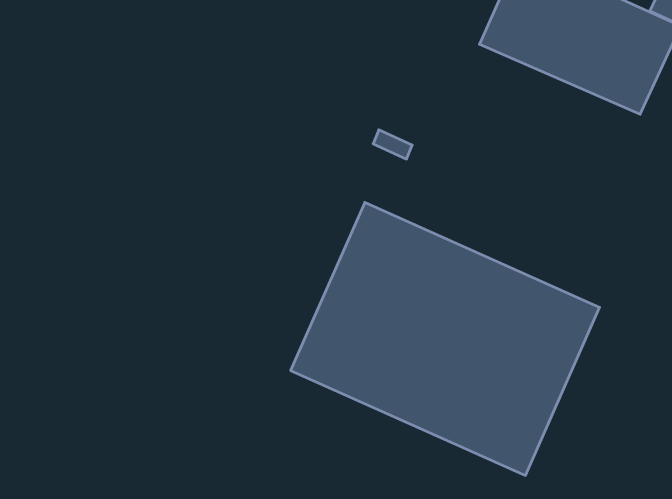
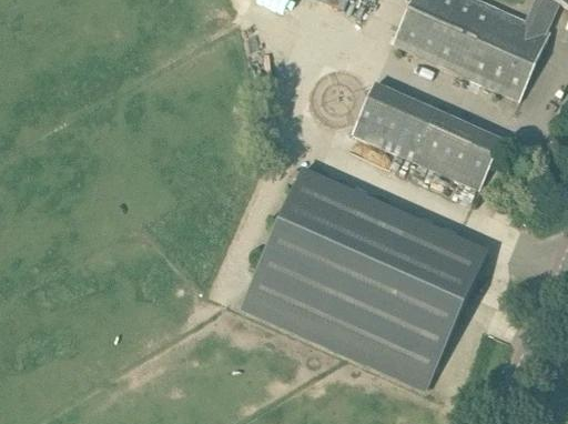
building: none -> [351,83,501,190]

